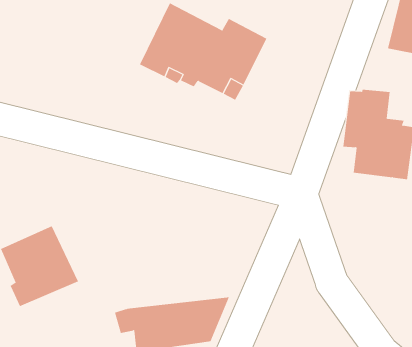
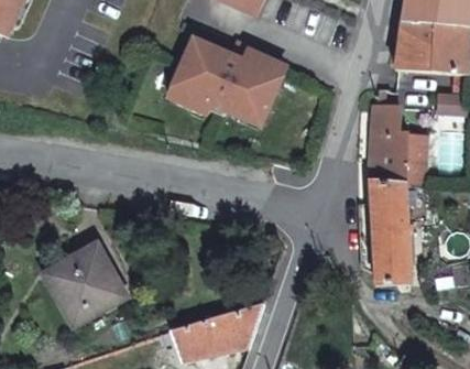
building: none -> [370,183,411,282]

